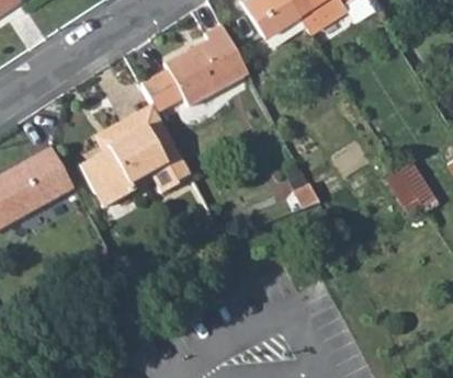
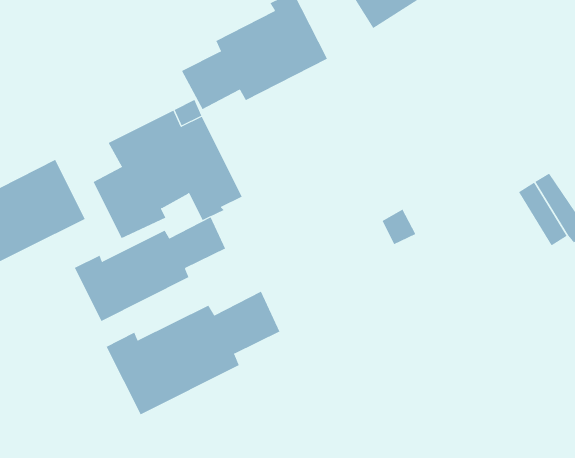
building: none -> [74,217,226,322]
building: none -> [106,291,280,415]

